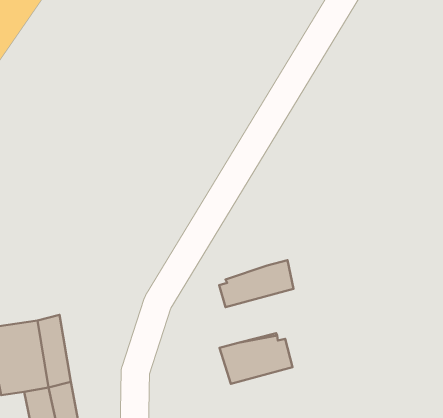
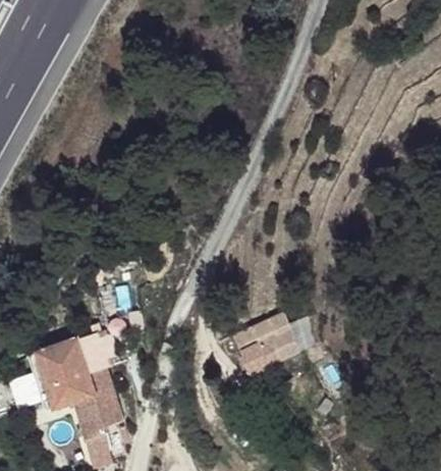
building: [219,260,294,307] -> none

